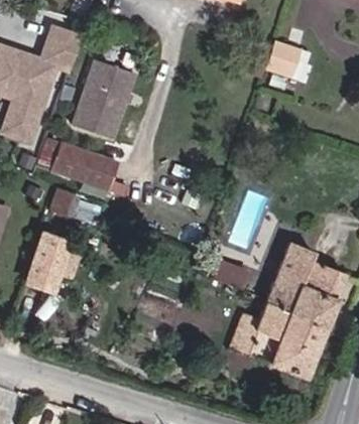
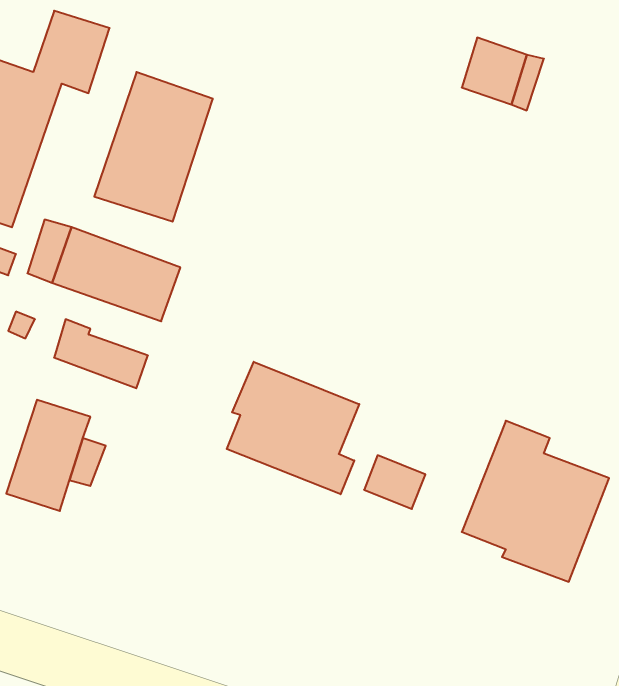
building: none -> [227,362,359,494]
building: [231,301,323,377] -> none

